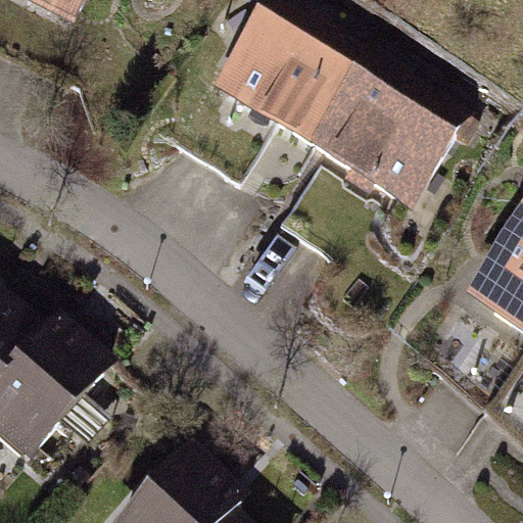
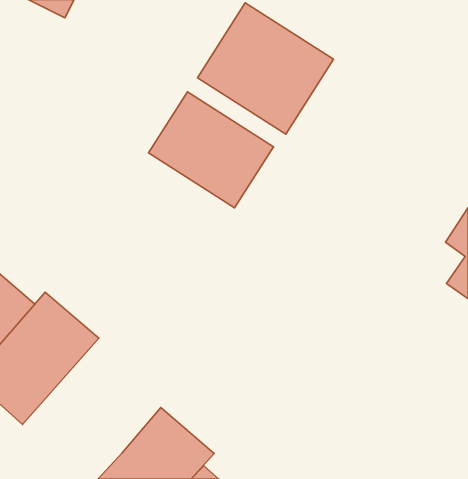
building: [312,64,470,207] -> none
building: none -> [148,92,273,208]

